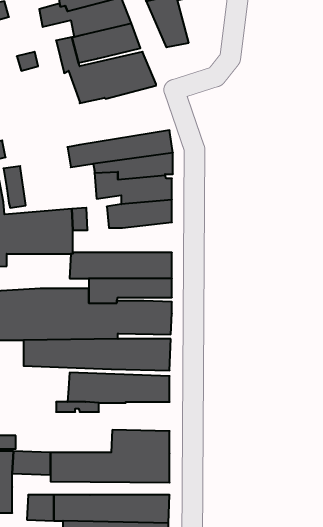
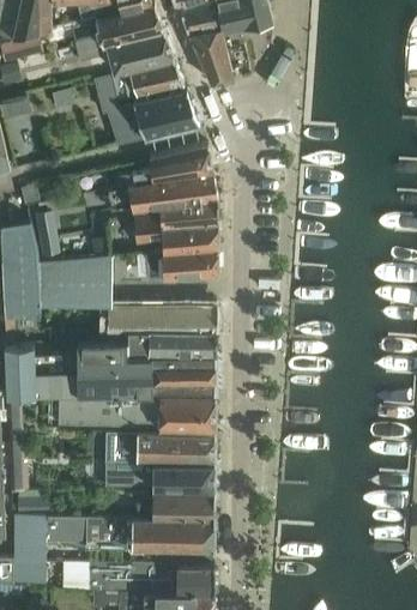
building: none -> [115,144,213,189]
building: none -> [147,464,213,489]

